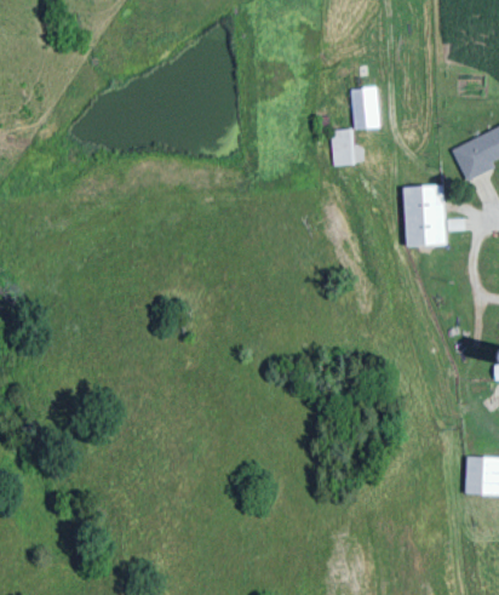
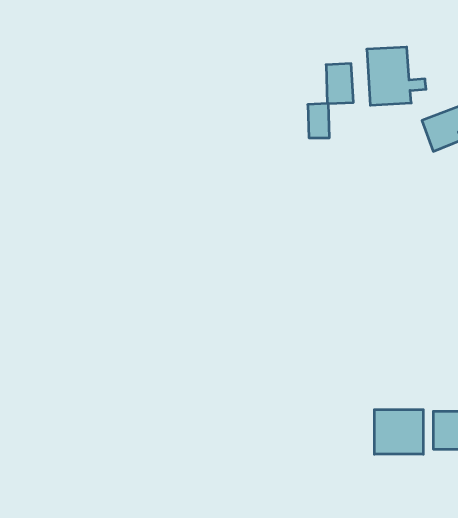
building: [402,184,465,246] -> [367,47,426,105]
building: none -> [374,410,423,454]

